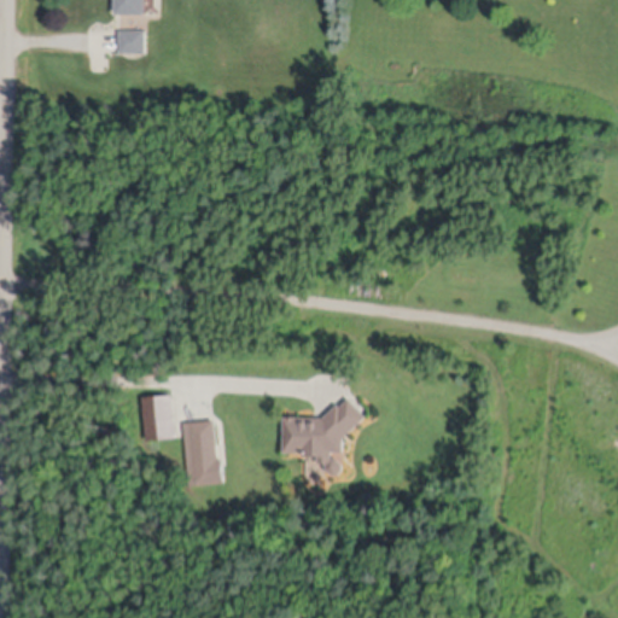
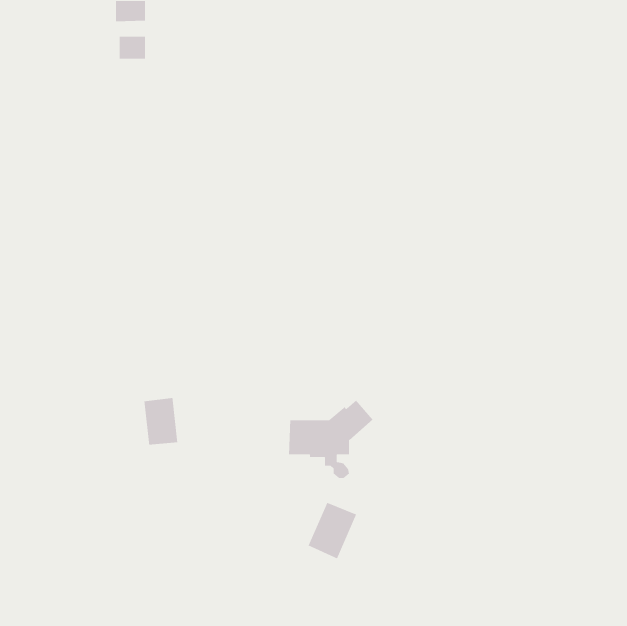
building: [181,420,223,488] -> none
building: none -> [308,502,357,559]

